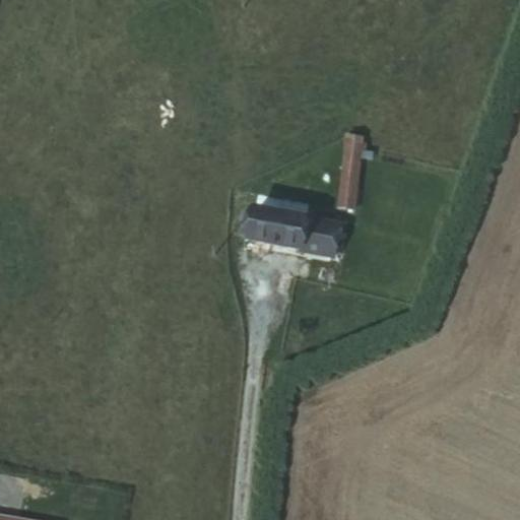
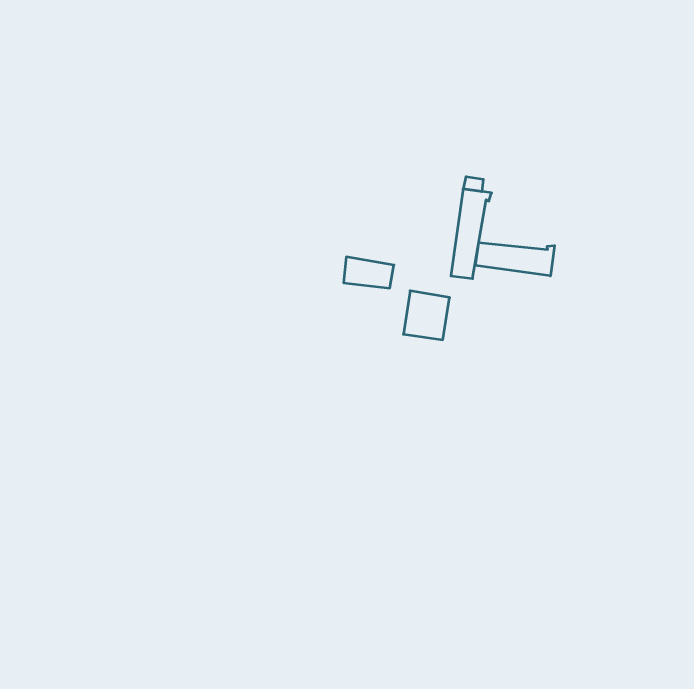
building: none -> [475,242,555,276]
building: [251,211,307,250] -> none

